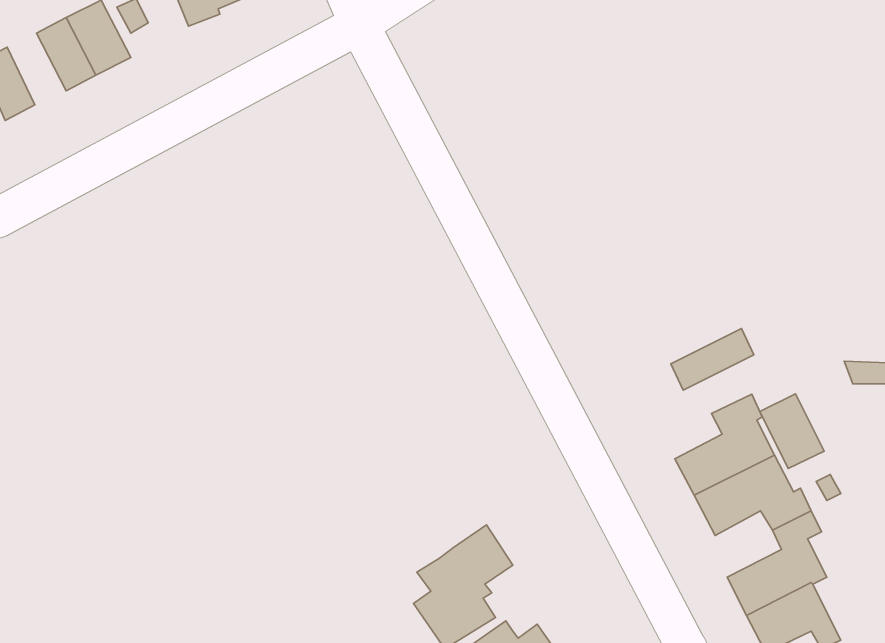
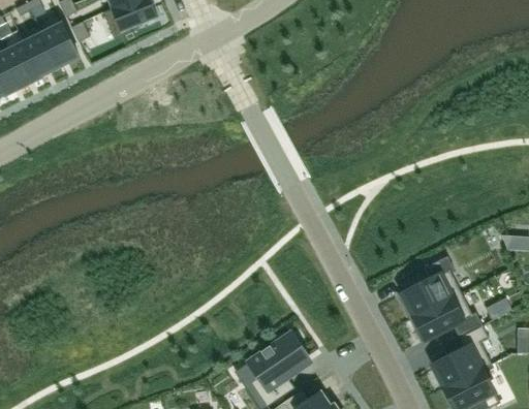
building: none -> [5,41,40,84]
building: [671,329,754,390] -> none
building: [760,394,824,469] -> none

